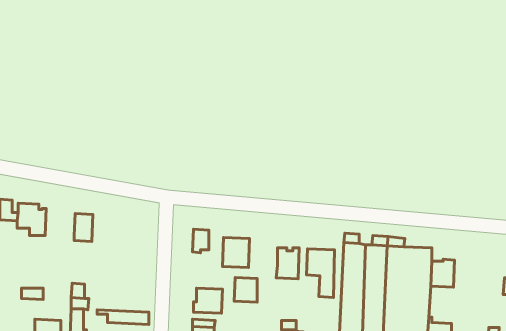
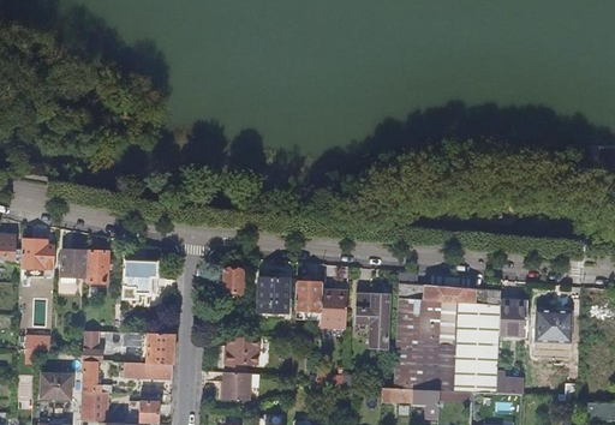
building: none -> [61,251,88,276]
building: none -> [124,261,157,299]
building: none -> [536,310,573,342]
building: [234,277,257,302] -> [295,282,322,311]
building: none -> [121,333,174,365]

